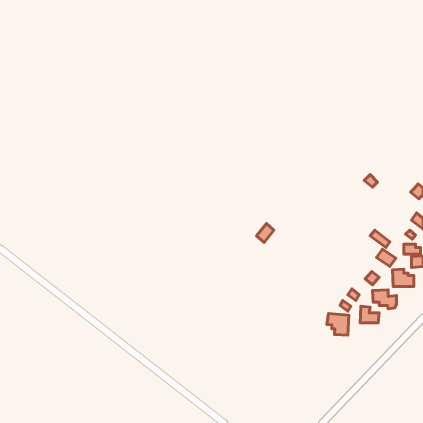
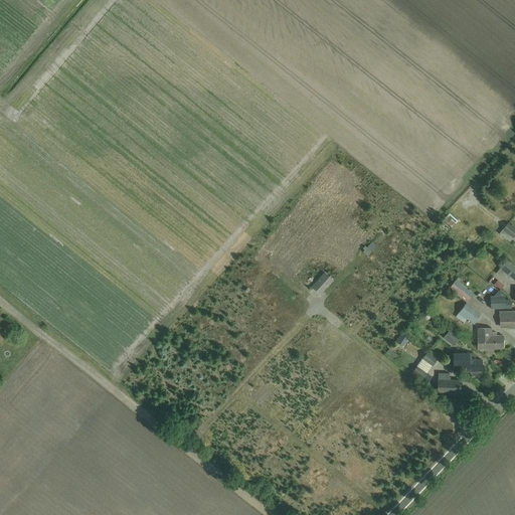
building: [327,313,349,335] -> none

